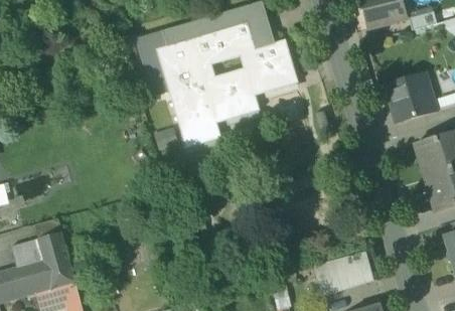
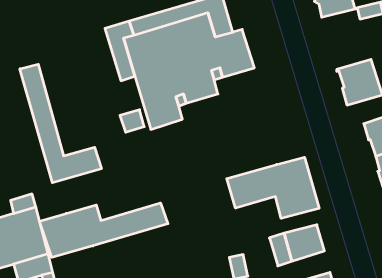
building: none -> [20,64,101,183]
building: none -> [227,157,319,218]
building: none -> [40,203,168,257]

